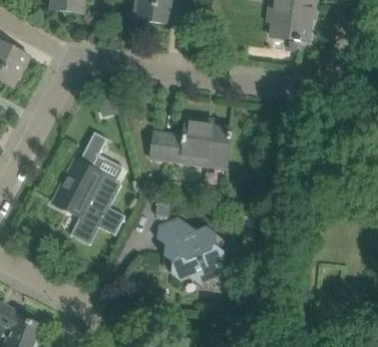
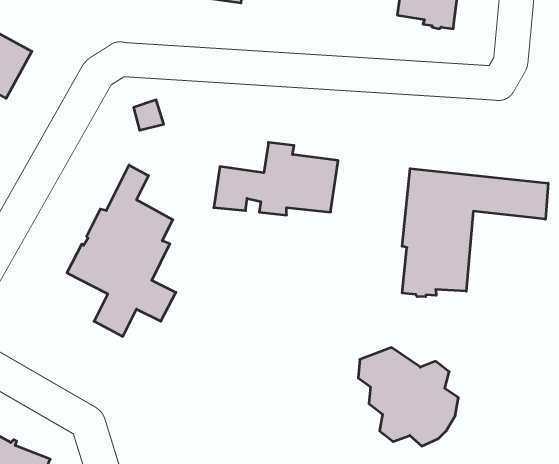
building: none -> [402,169,548,297]
building: [156,218,223,283] -> [358,348,458,446]

